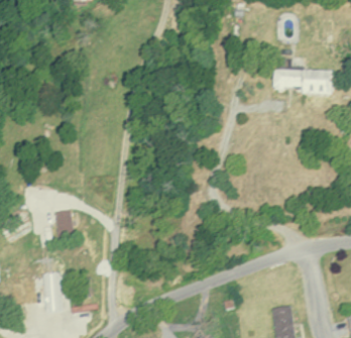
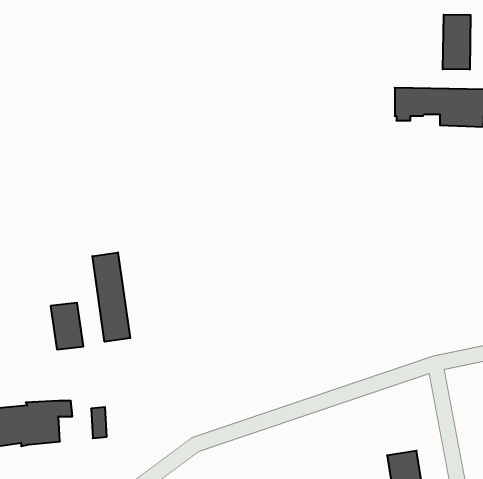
building: none -> [443,15,471,70]
building: none -> [92,252,130,342]

